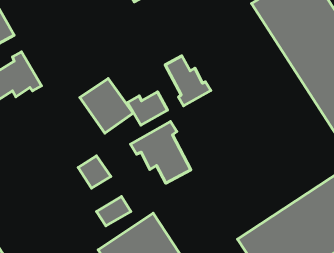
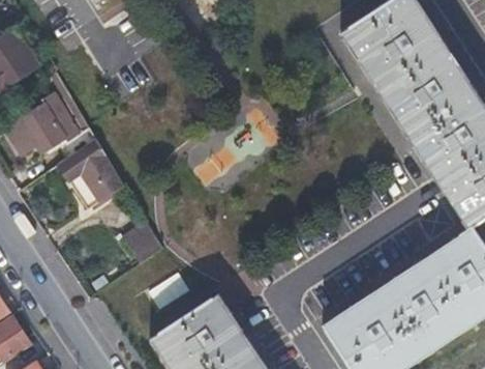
building: [165,56,211,106] -> none
building: [80,78,133,133] -> [59,140,125,208]
building: [130,121,191,183] -> none

